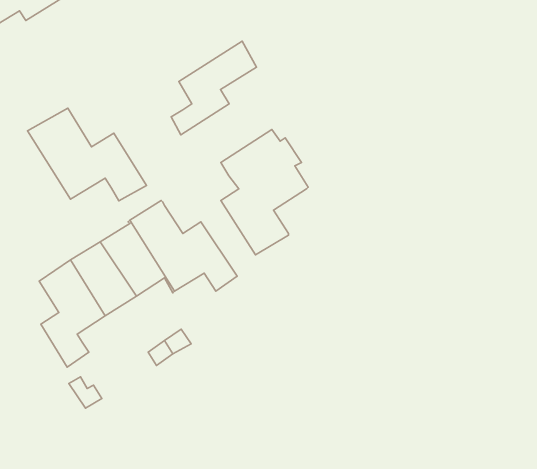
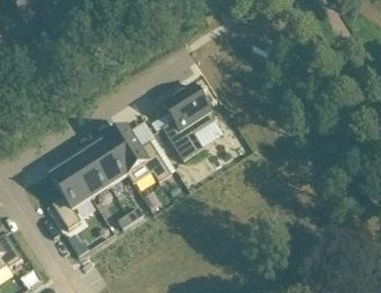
building: [171,41,256,135] -> none
building: [27,108,147,201] -> none

